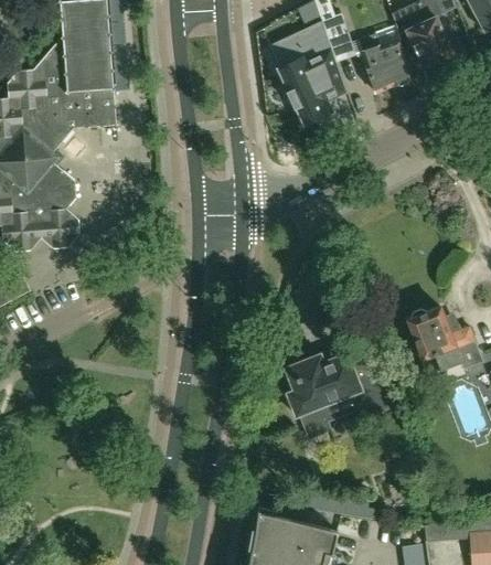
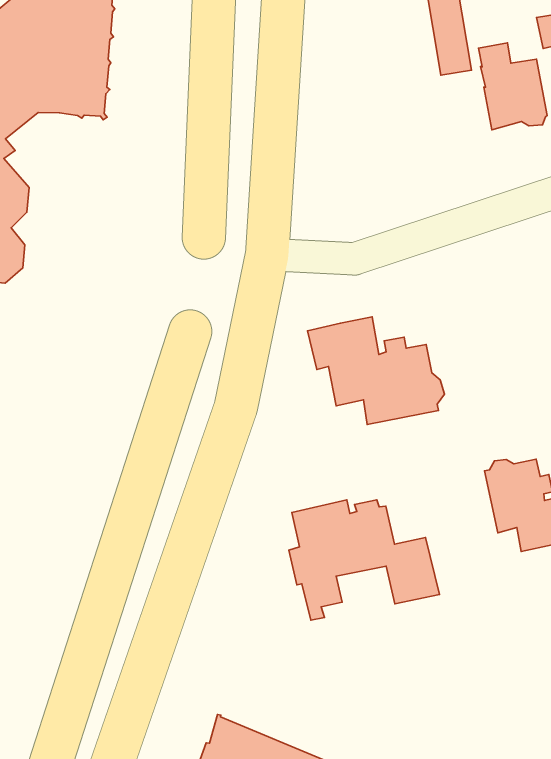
building: [271,23,337,125] -> none
building: none -> [307,317,444,425]

